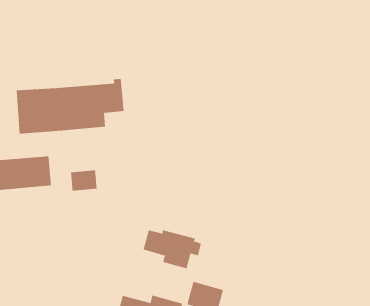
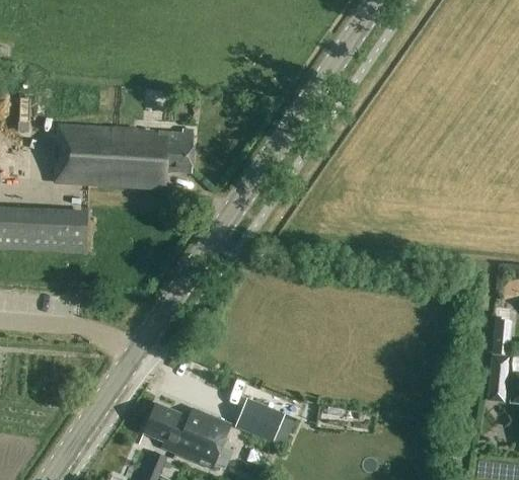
building: [70,169,97,191] -> none
building: [143,229,202,269] -> none

